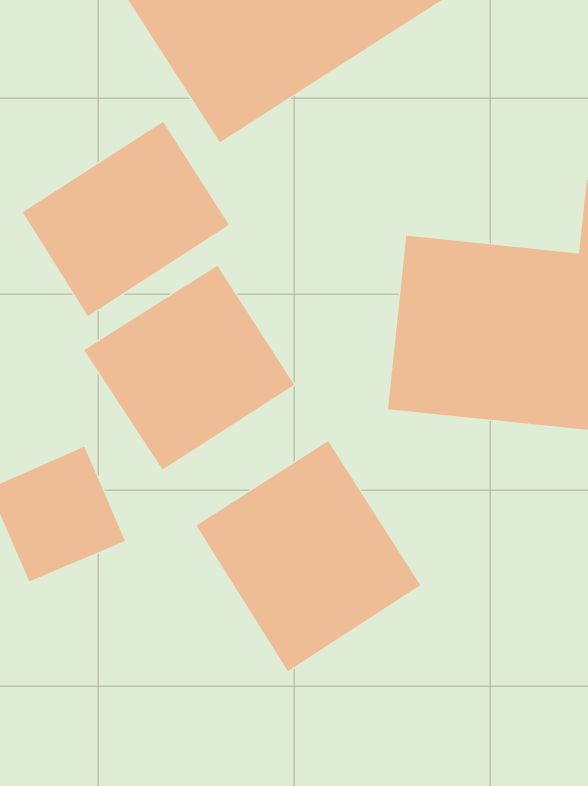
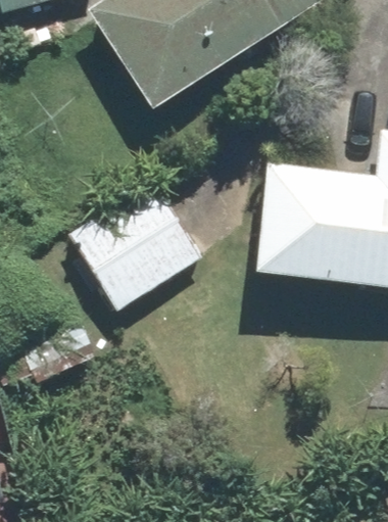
building: [22,121,230,317] -> none
building: [195,440,421,672] -> none

